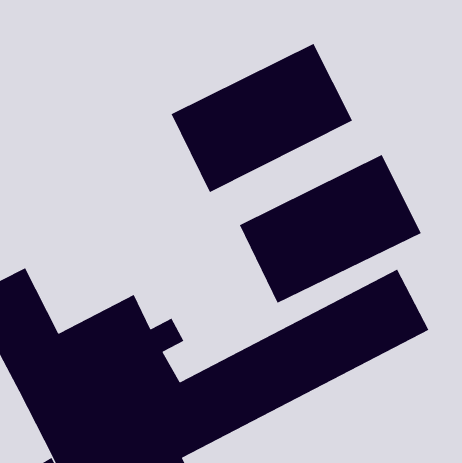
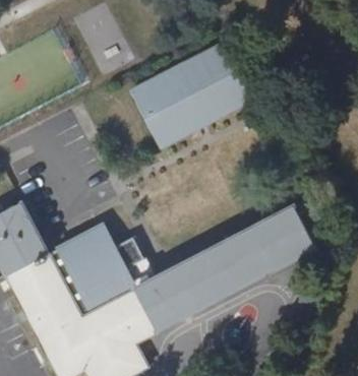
building: [239,154,422,304] -> none

